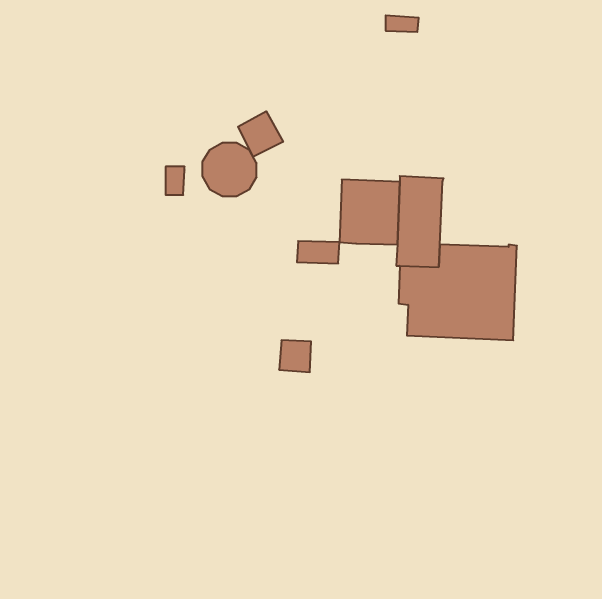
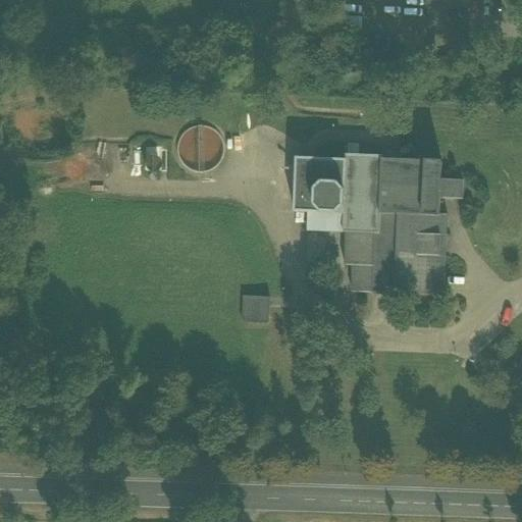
building: [238,111,283,157] -> none
building: none -> [379,157,462,213]
building: [297,241,339,263] -> [306,210,343,229]

